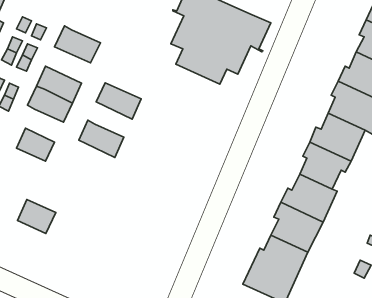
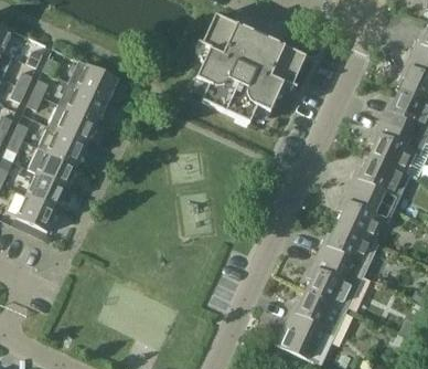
building: [96,83,141,119] -> [57,83,107,123]
building: [79,120,124,157] -> [28,147,77,188]
building: [18,199,56,233] -> [15,194,57,232]

